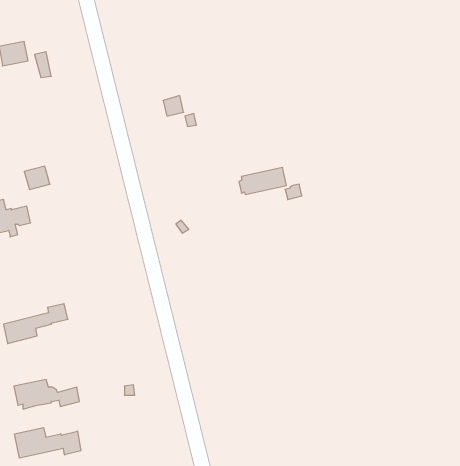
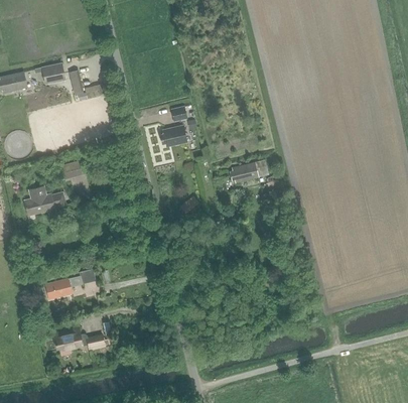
building: none -> [159,125,186,146]
building: [15,428,81,458] -> none

